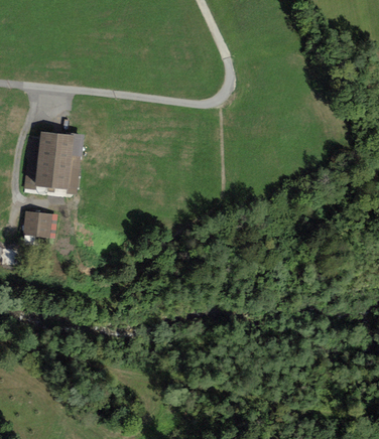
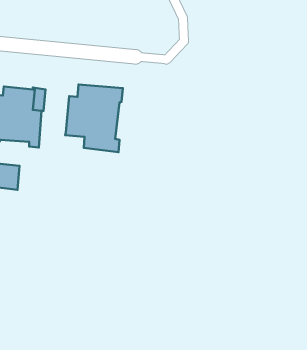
building: none -> [65,85,123,152]

